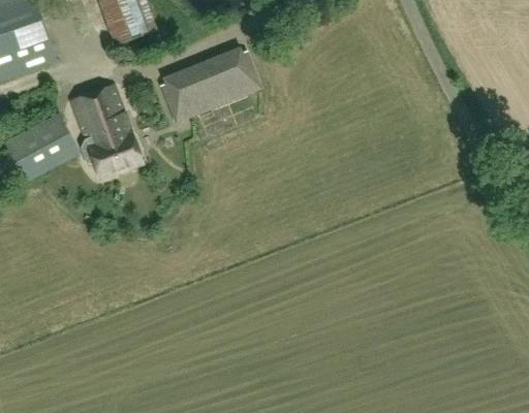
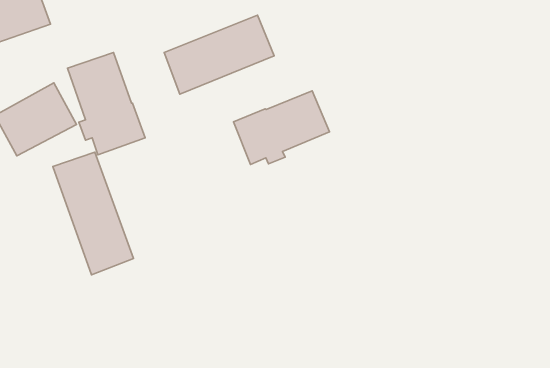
building: none -> [233,91,330,164]
building: none -> [53,152,133,275]

